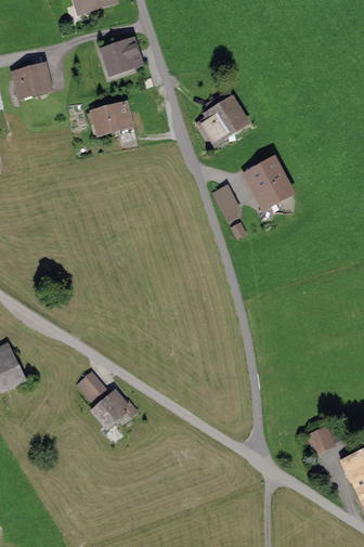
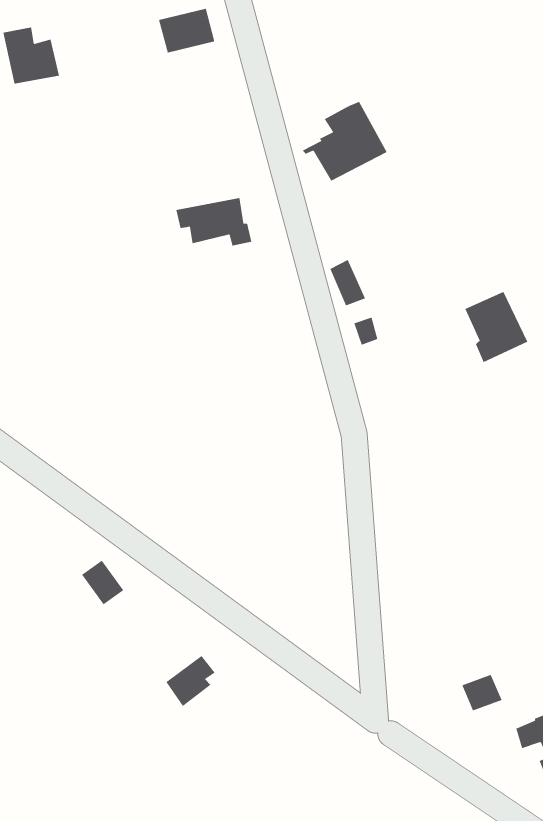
building: [89,104,135,133] -> [176,197,252,246]
building: [250,162,289,206] -> [464,291,528,363]
building: [96,394,126,426] -> [166,655,215,707]

